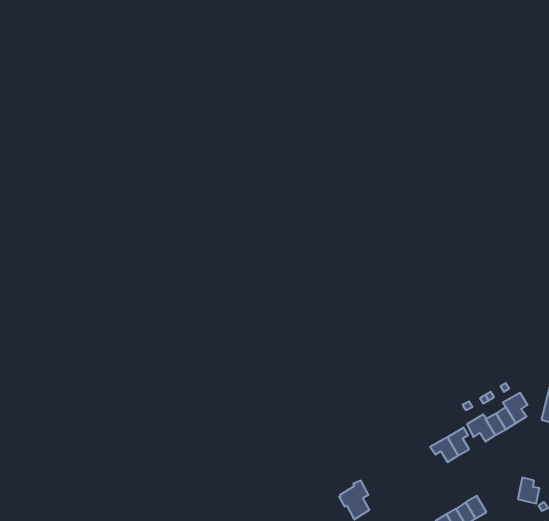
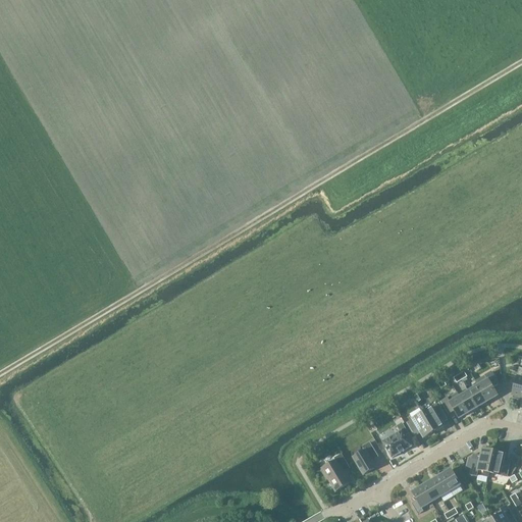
building: none -> [382,422,412,457]
building: none -> [353,441,377,473]
building: none -> [466,449,493,476]

